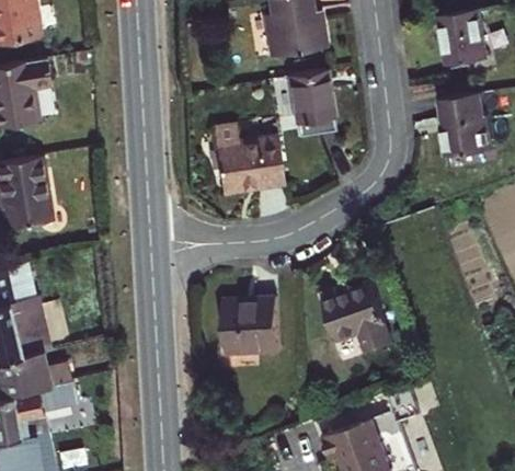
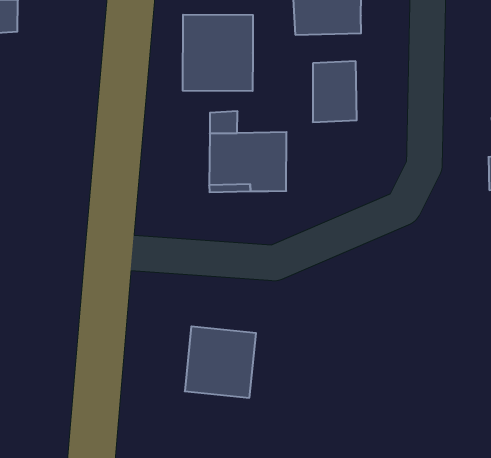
building: none -> [183,15,253,91]
building: [321,284,390,354] -> none

